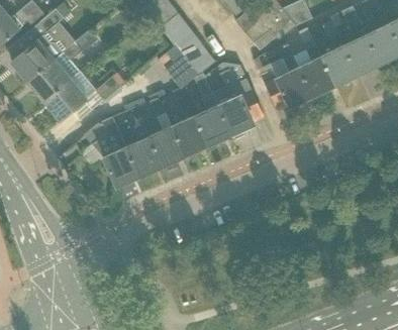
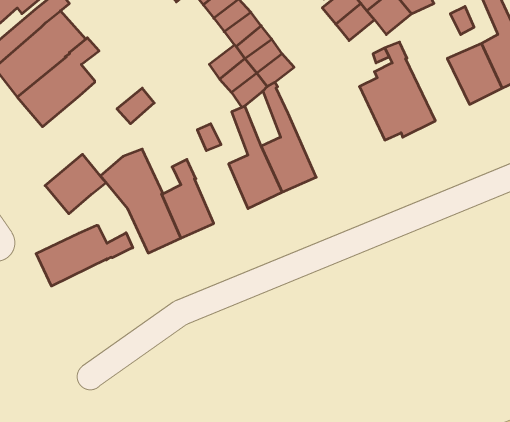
building: [292,39,335,97] -> none
building: [212,62,263,135] -> none
building: [45,80,87,120] -> [45,154,106,214]
building: [148,126,185,167] -> none
building: none -> [36,225,133,286]

